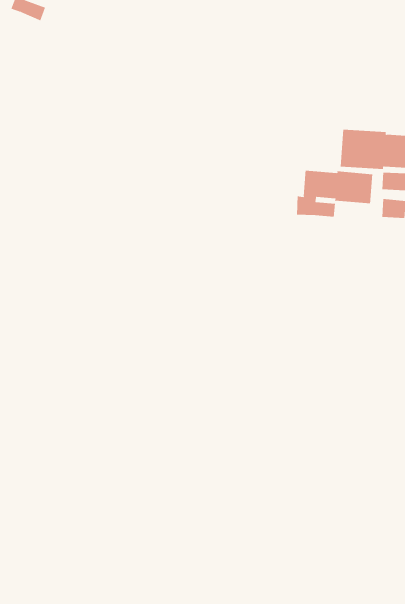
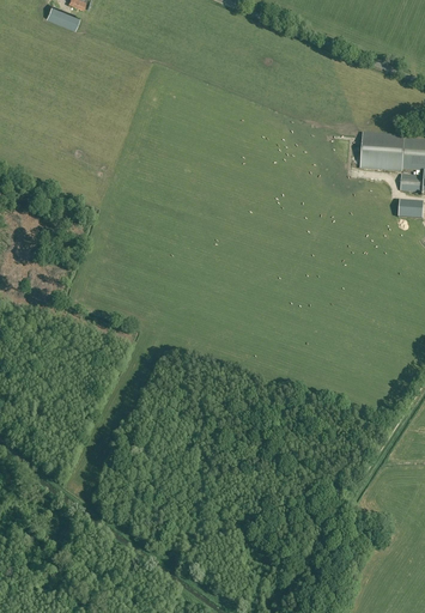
building: [296,170,373,218] -> none

